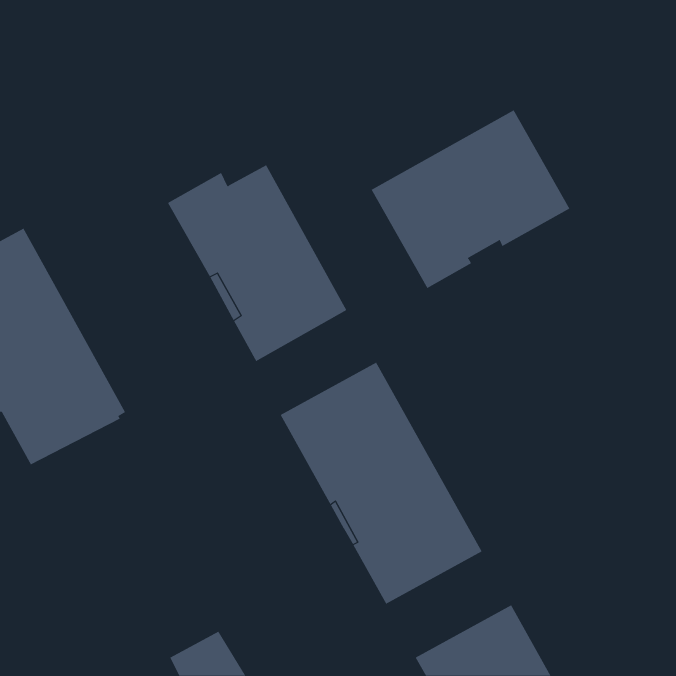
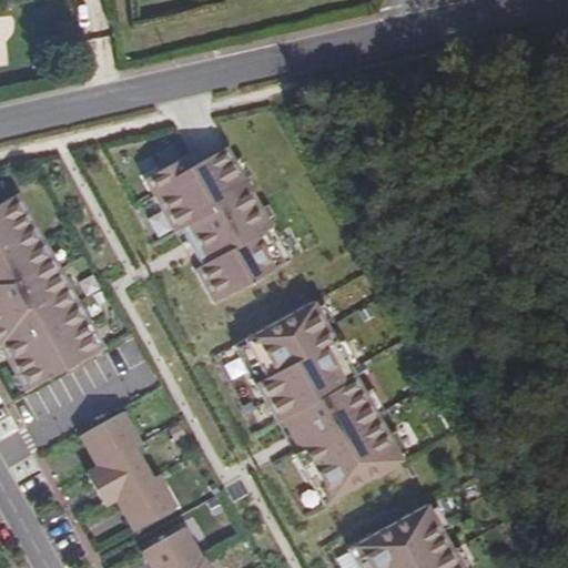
building: [371,110,570,289] -> none
building: none -> [81,410,175,529]

